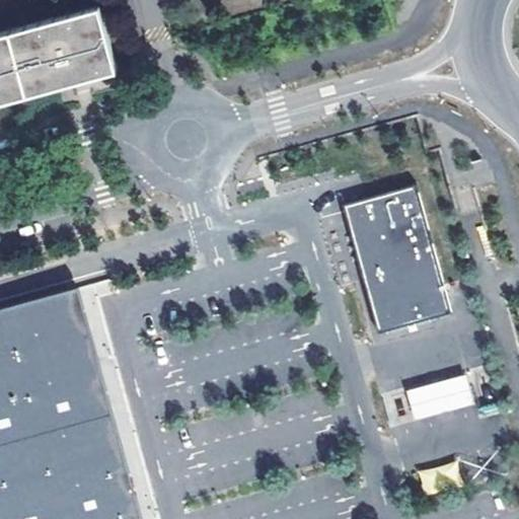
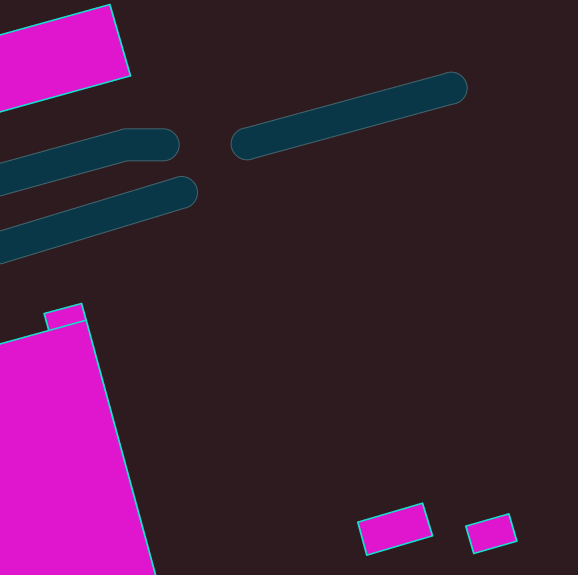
building: [346,190,448,331] -> none
building: [406,376,473,423] -> [358,503,433,555]

